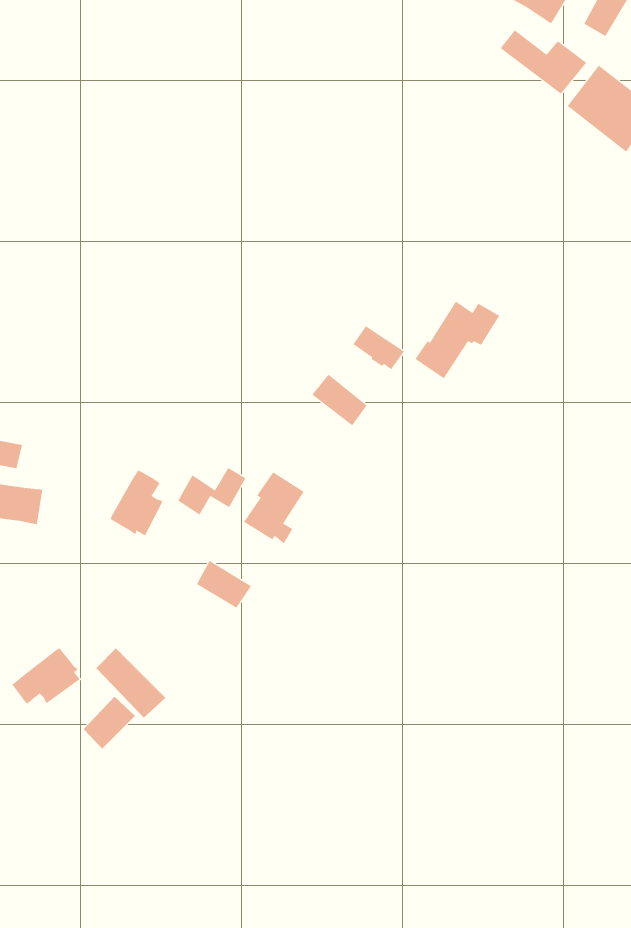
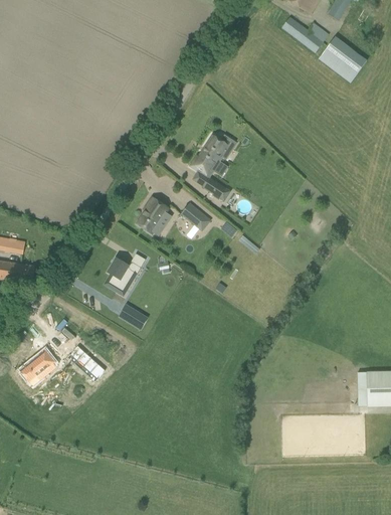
building: [415,301,500,379] -> [190,134,236,176]
building: [110,470,165,536] -> none
building: [243,471,305,544] -> [136,196,169,235]
building: [83,696,136,749] -> none

